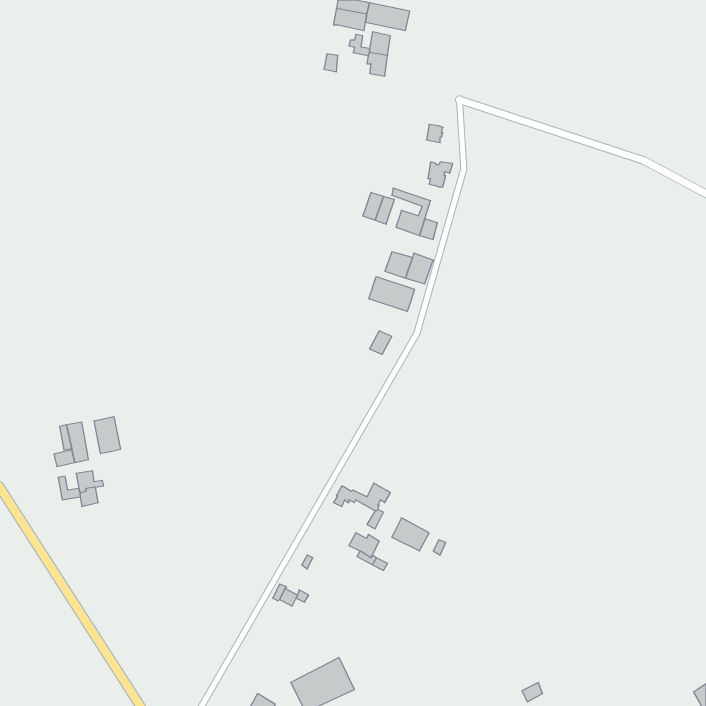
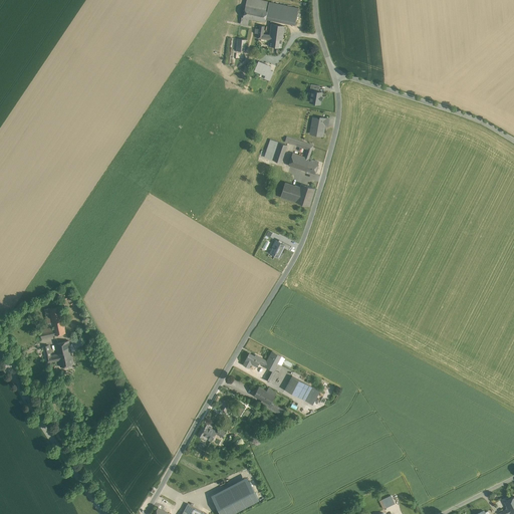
building: [369,277,414,312] -> none
building: [94,417,121,454] -> none

